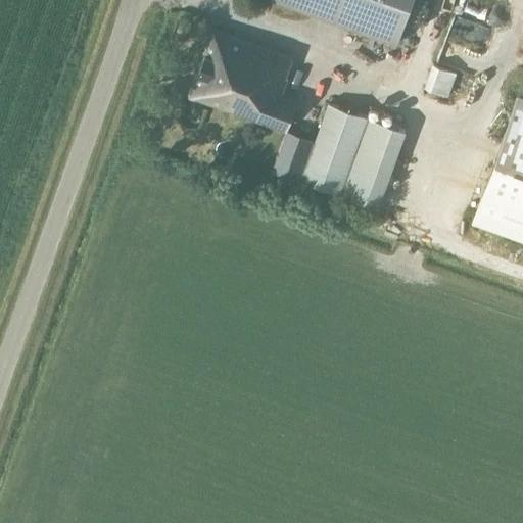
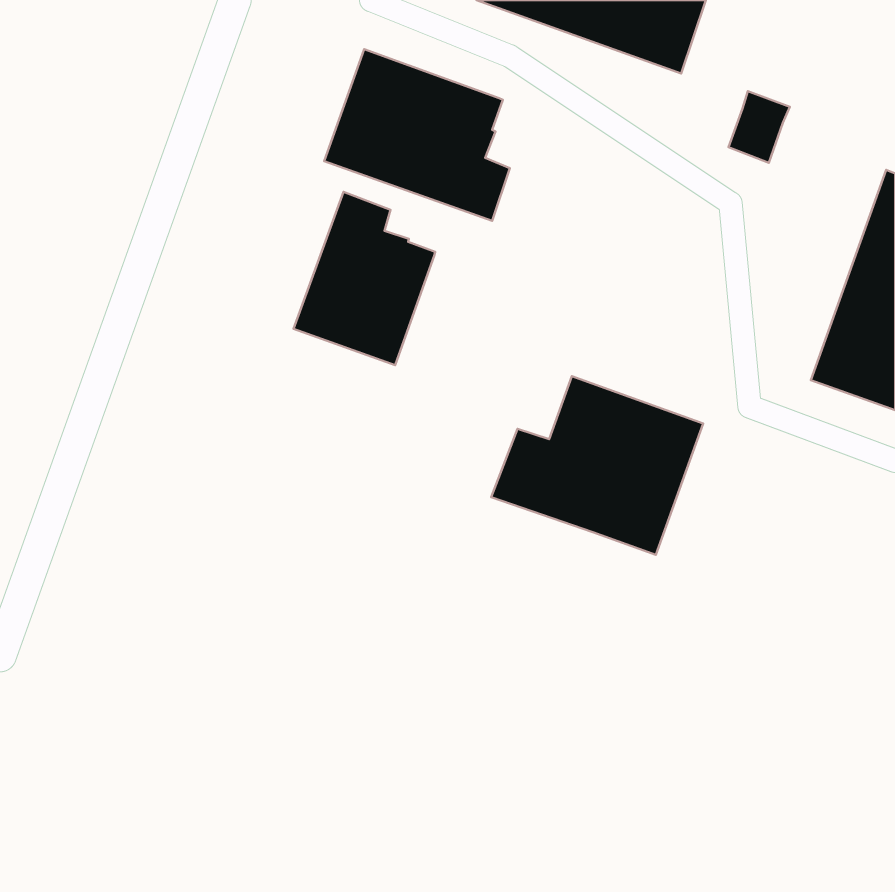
building: [282,103,406,207] -> [491,376,703,555]
building: none -> [294,192,435,365]

